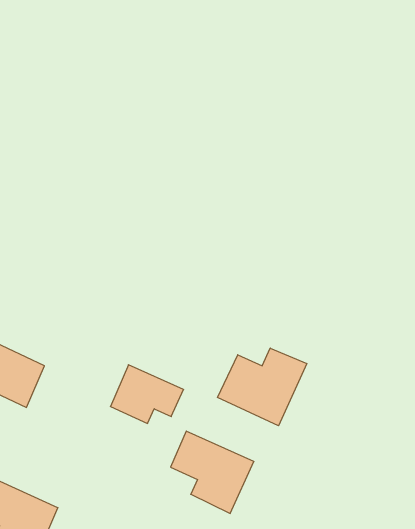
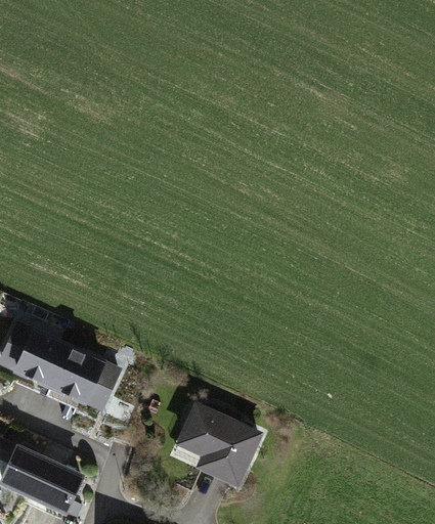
building: [218,348,307,426] -> none
building: [110,365,184,423] -> [52,348,119,401]

